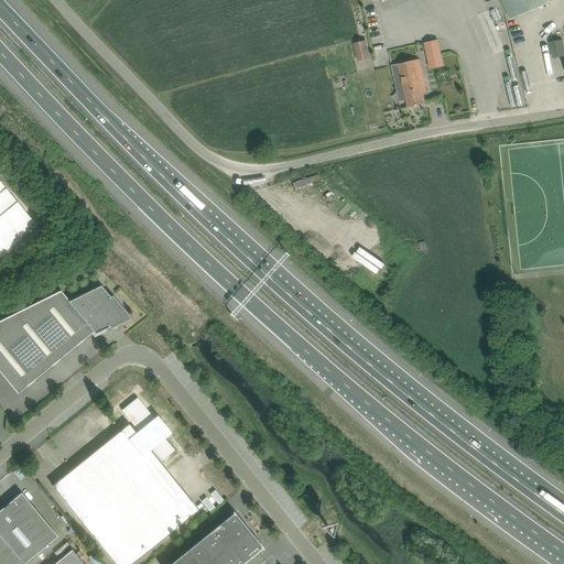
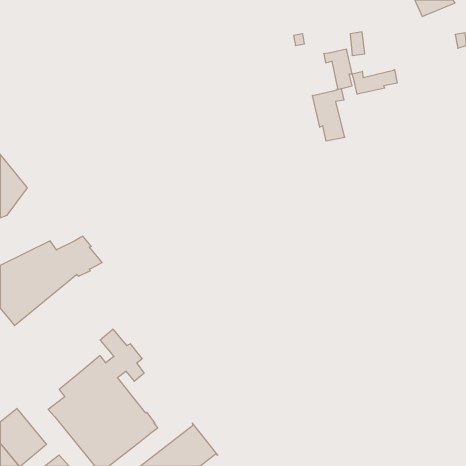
building: none -> [352,70,397,94]
building: none -> [313,88,345,141]

